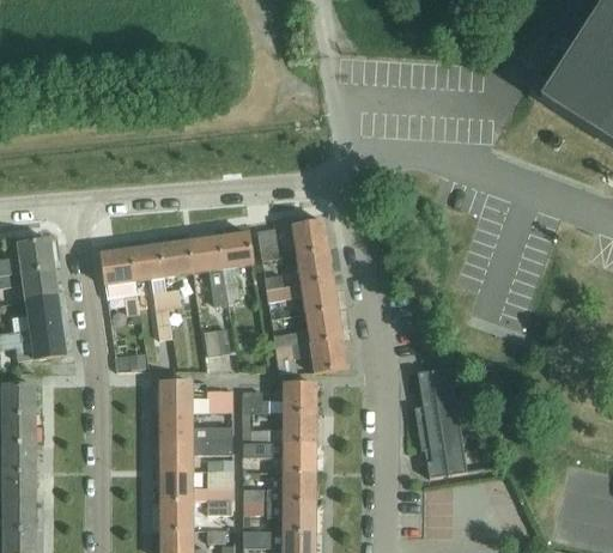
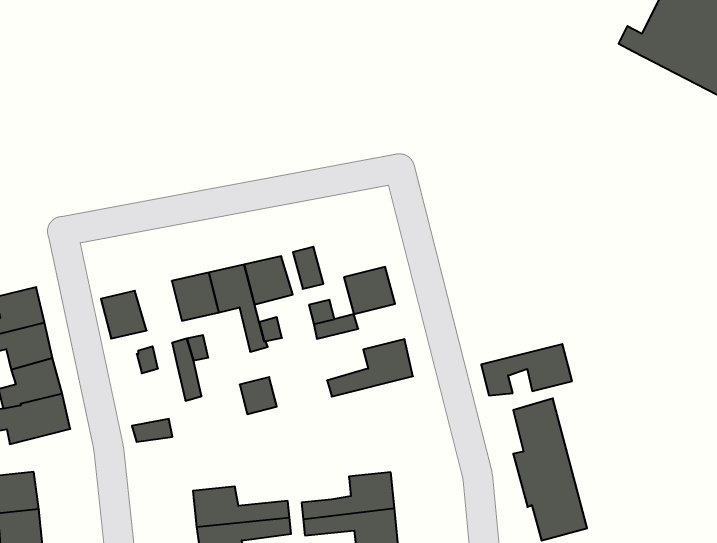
building: [291,221,328,255] -> none
building: [128,244,163,281] -> none
building: [299,280,338,314] -> none
building: [275,339,346,373] -> [481,344,572,395]
building: [157,382,232,412] -> none
building: [243,383,316,414] -> none

